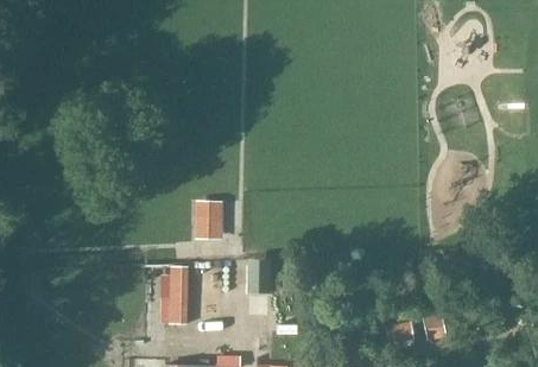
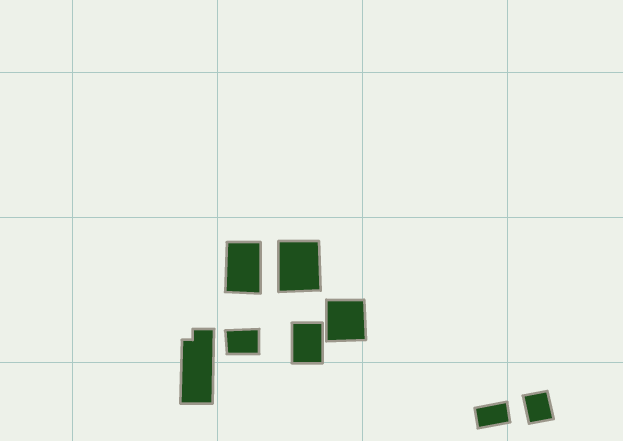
building: none -> [279,241,321,292]
building: none -> [326,300,366,341]

